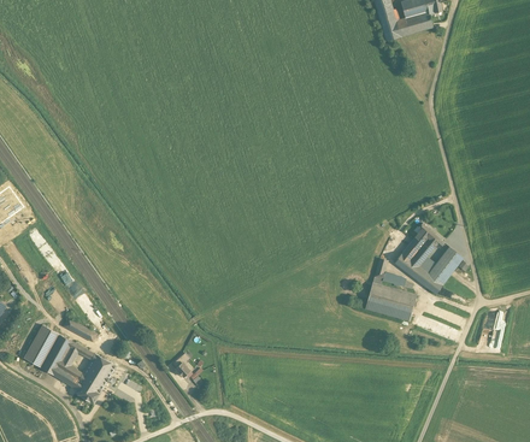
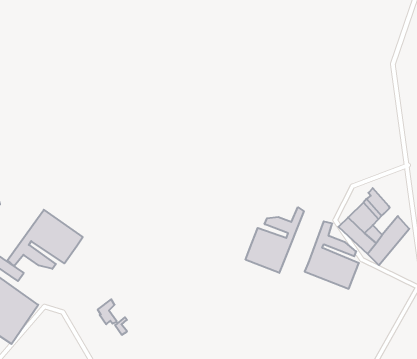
building: none -> [246,207,304,273]
building: none -> [8,210,83,269]

